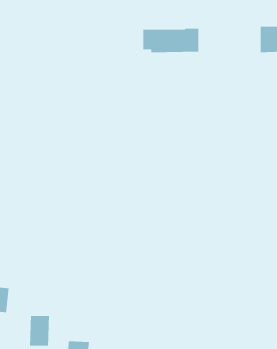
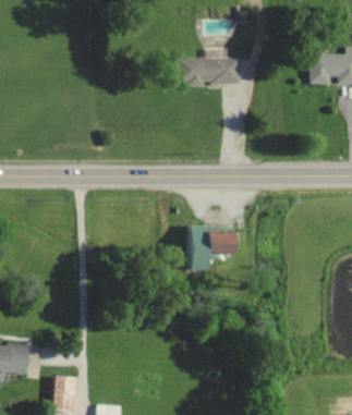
building: none -> [182,228,235,269]

